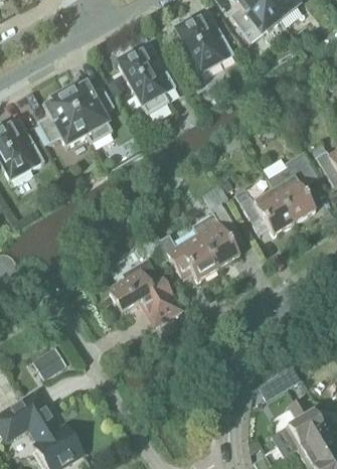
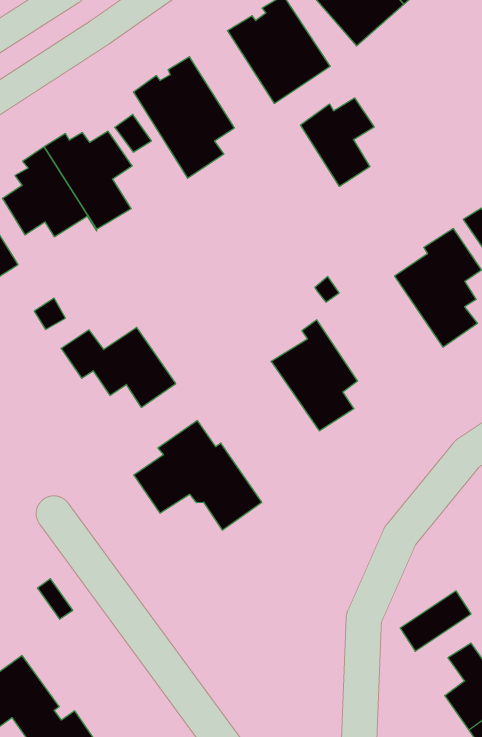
building: none -> [301,98,374,186]
building: [233,179,293,236] -> none
building: [151,233,217,281] -> [61,327,176,407]

